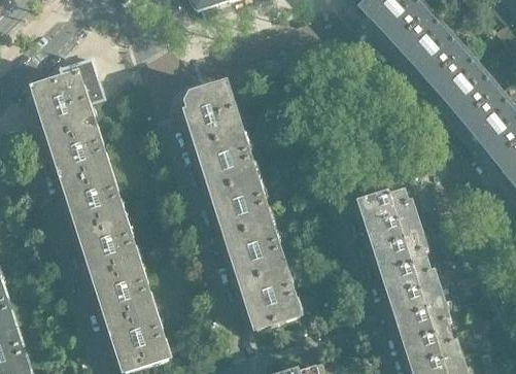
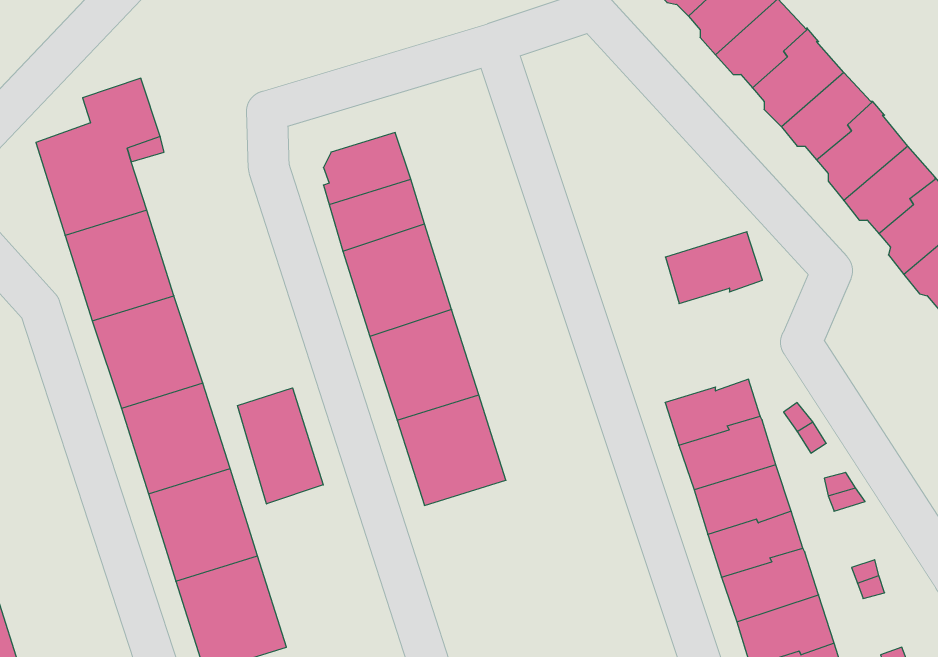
building: [362,192,413,230] -> [665,232,762,304]
building: none -> [238,388,323,504]
building: [241,271,300,331] -> none

